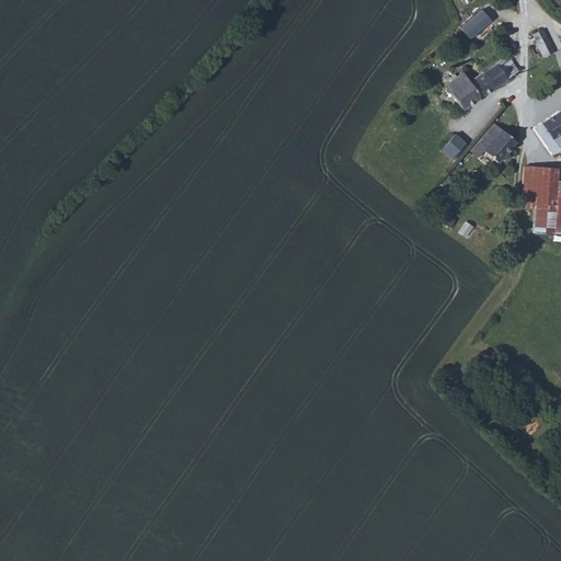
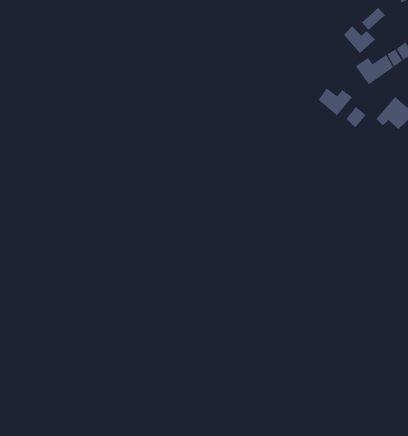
building: none -> [343,25,376,54]
building: none -> [318,88,353,116]

